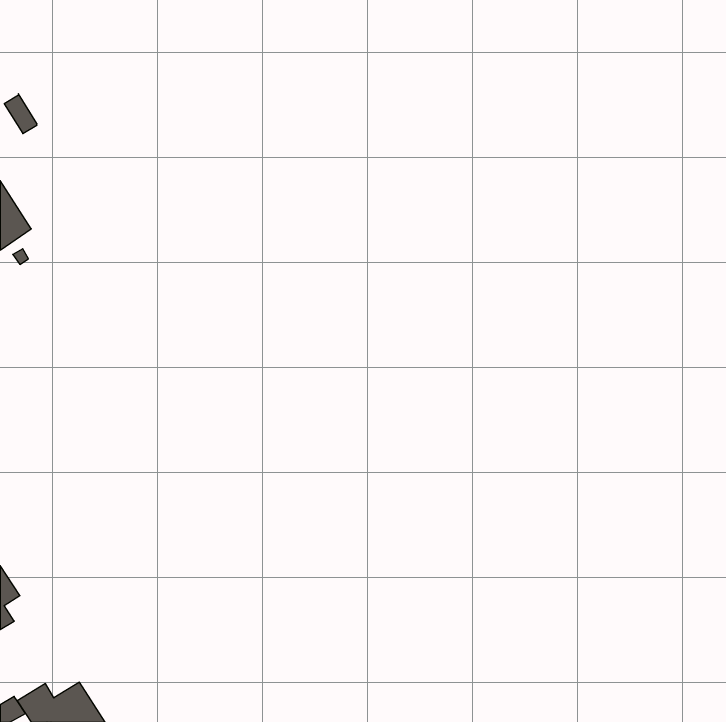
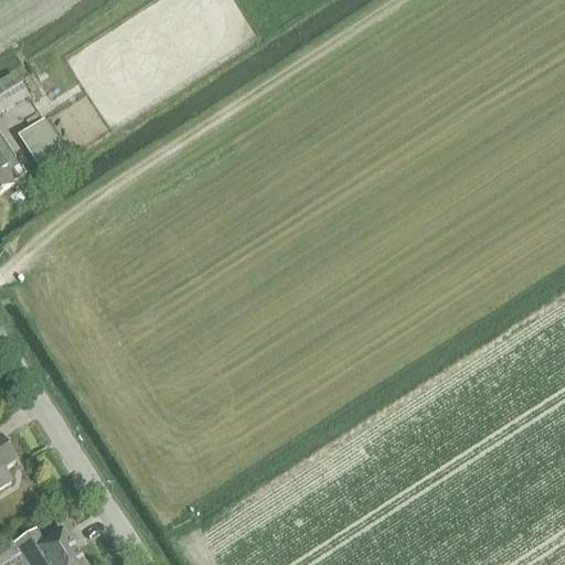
building: none -> [20,121,62,166]

